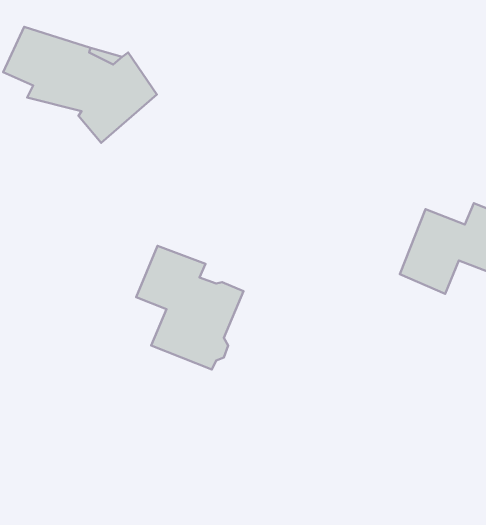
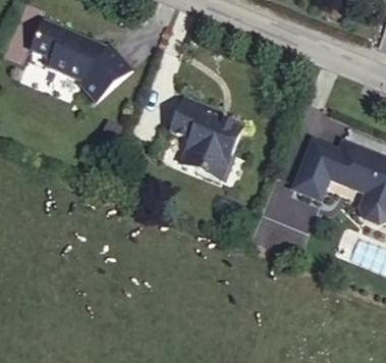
building: [136,246,243,370] -> [165,97,237,180]

